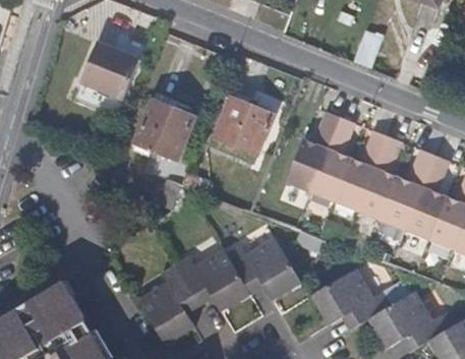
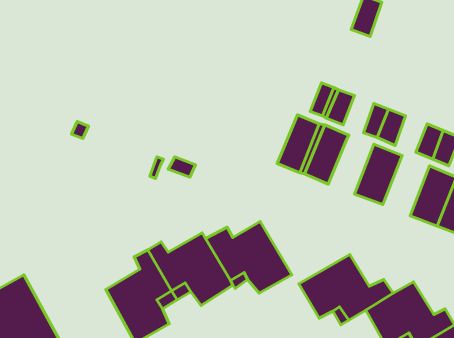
building: [80,48,138,105] -> none
building: [136,97,196,162] -> none
building: [216,99,274,156] -> none
building: [335,158,375,211] -> none
building: [384,176,425,230] -> none

